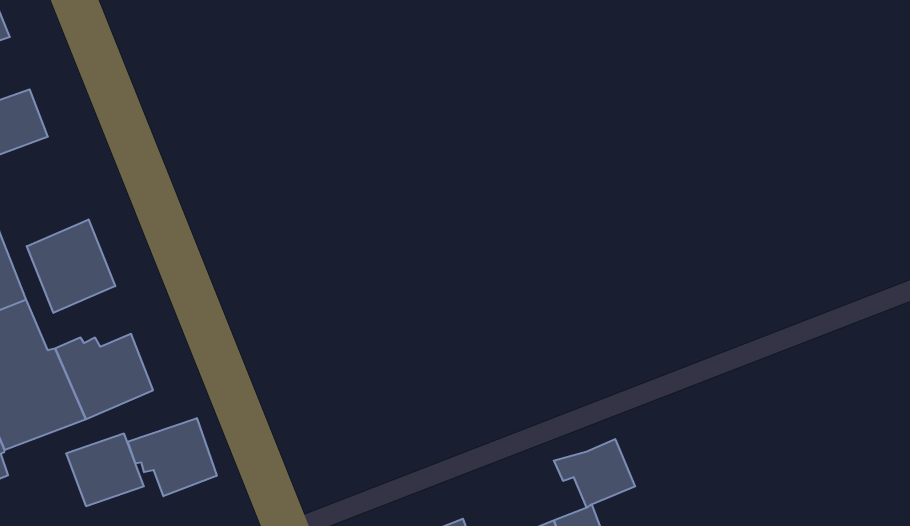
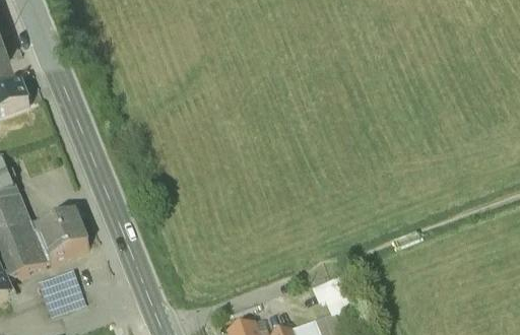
building: [27,219,115,313] -> none
building: [128,418,217,496] -> none

